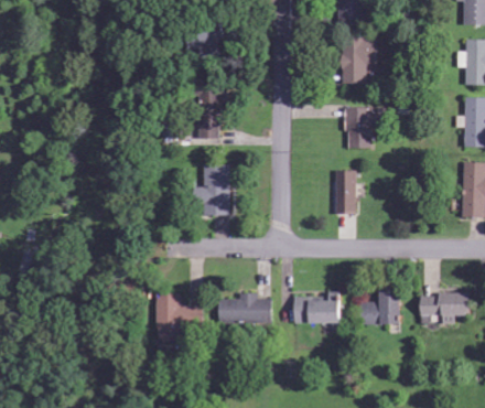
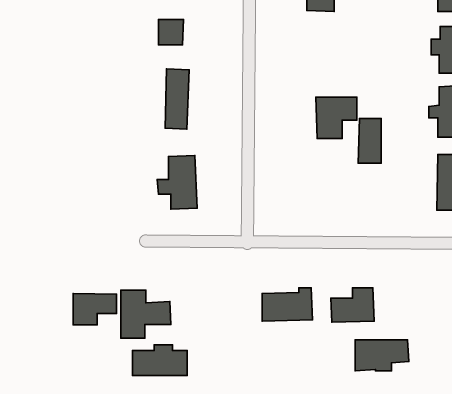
building: [342,36,382,83] -> none
building: [336,170,358,213] -> [358,118,381,163]
building: [220,292,273,322] -> [132,345,187,376]
building: [421,293,473,323] -> [355,340,409,371]
building: none -> [73,293,117,325]

